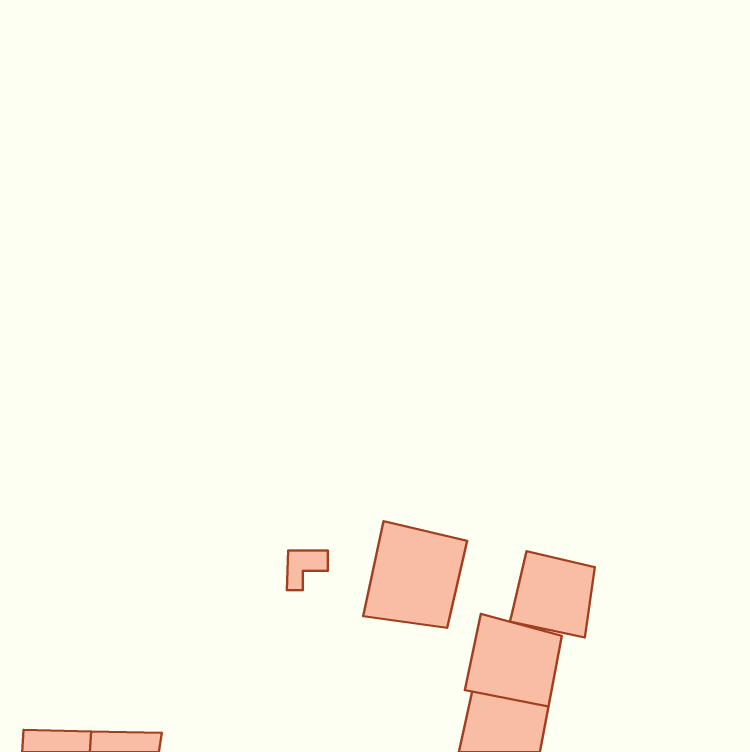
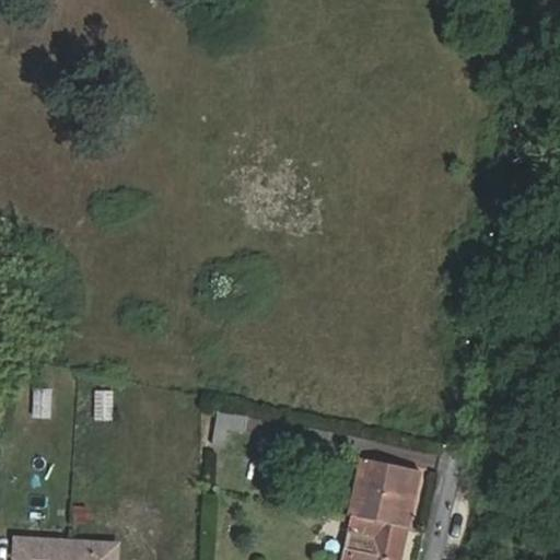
building: [363,521,467,628] -> none
building: [510,551,595,637] -> none

